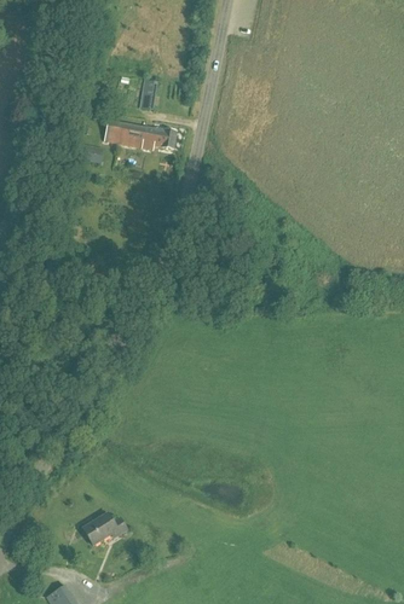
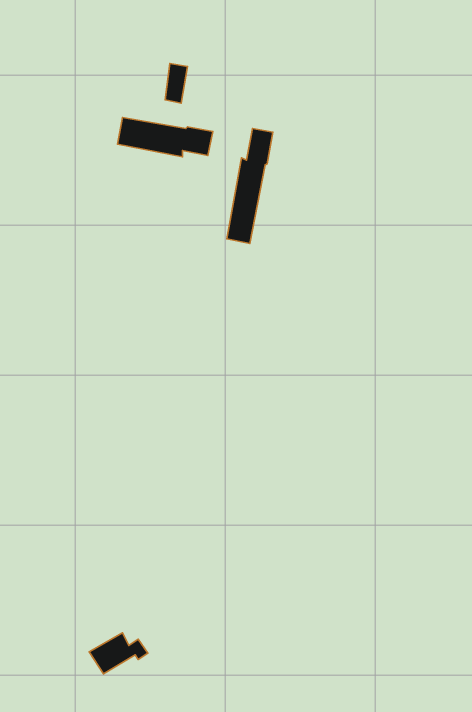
building: none -> [227,129,273,244]

